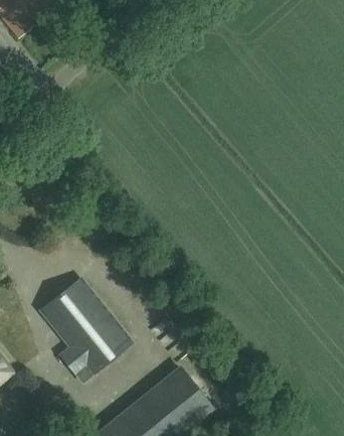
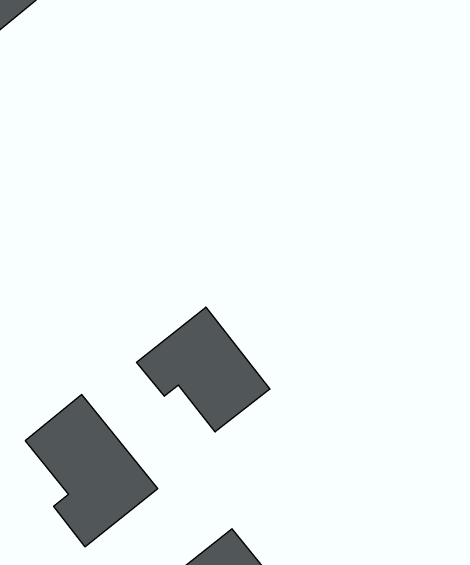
building: none -> [137,307,270,432]

